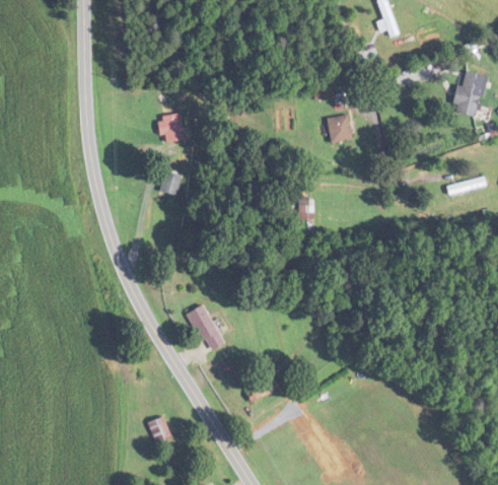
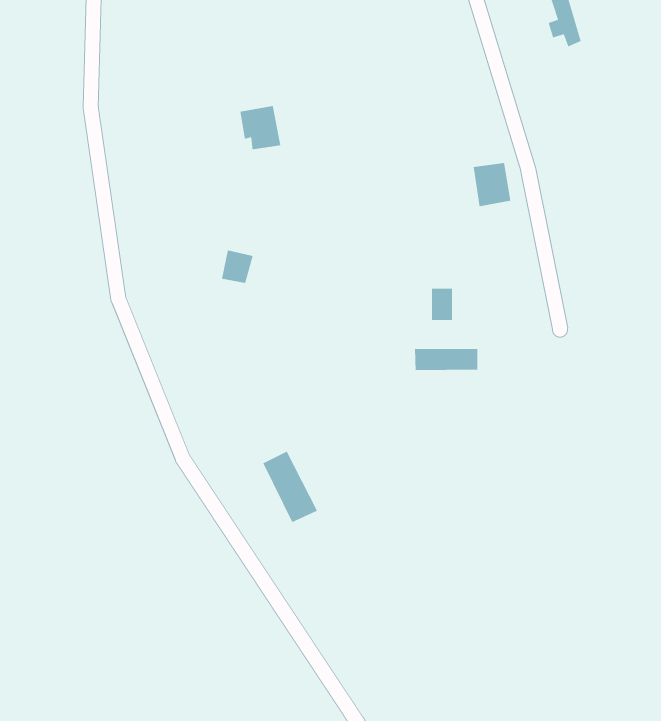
building: [157,113,185,142] -> [240,105,281,150]
building: none -> [415,348,478,371]
building: [147,416,172,443] -> none

